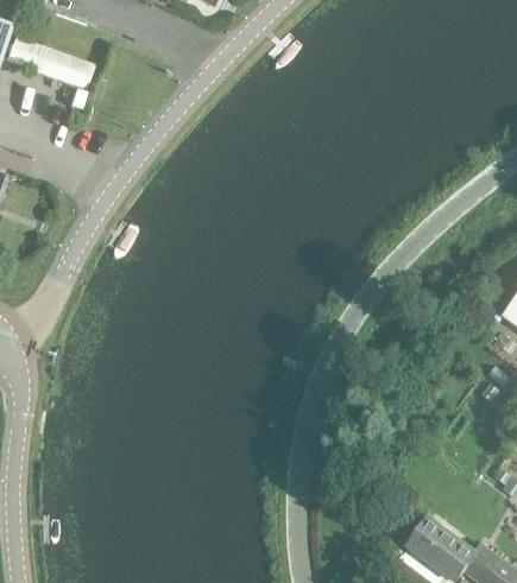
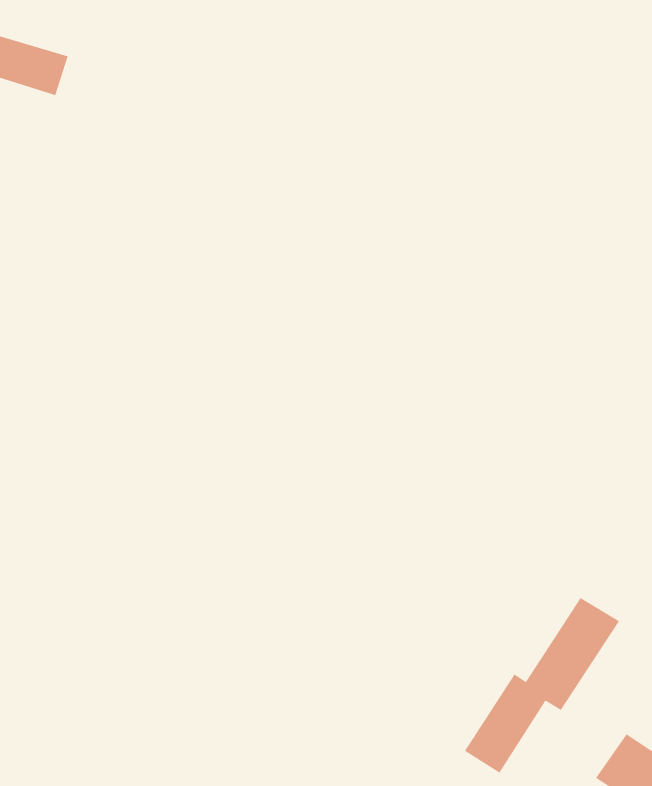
building: none -> [464,597,620,773]

